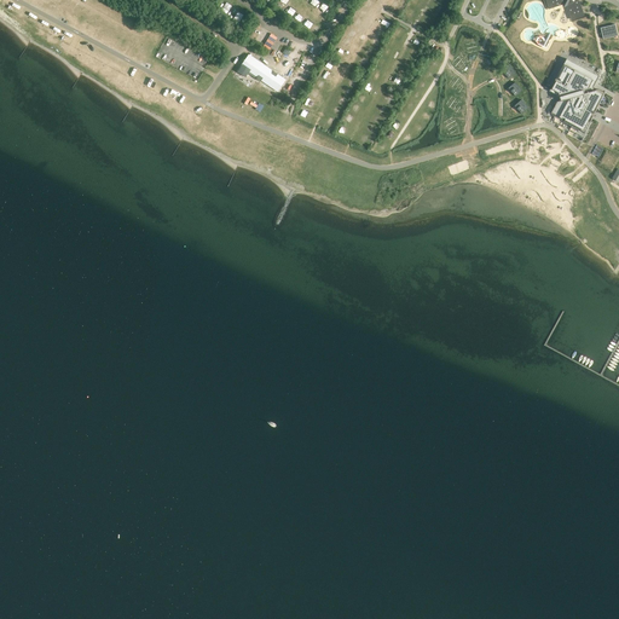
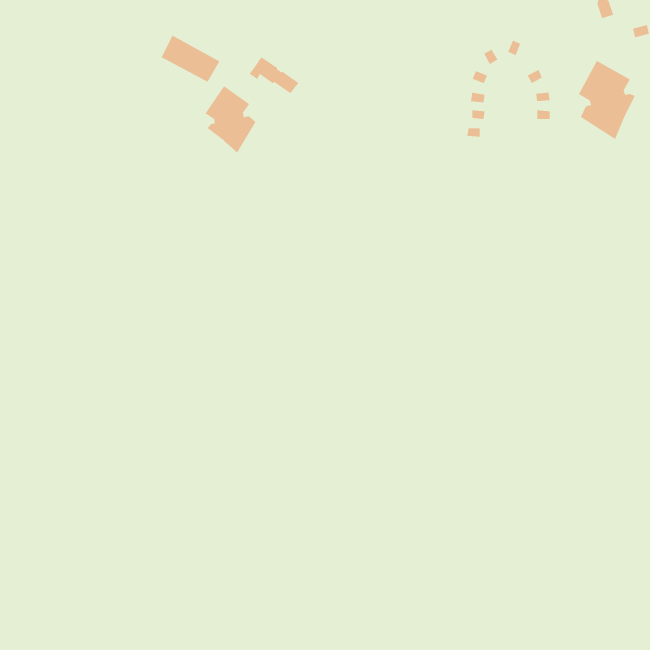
building: none -> [204,85,257,153]

